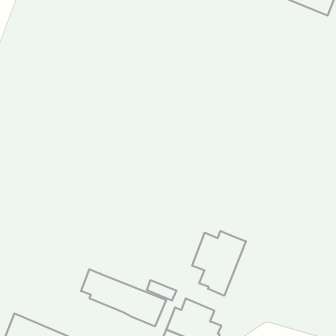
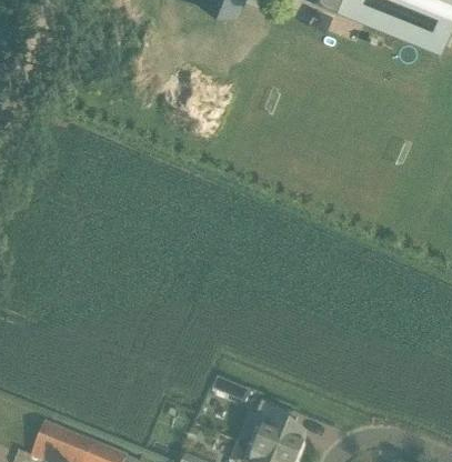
building: [192,231,246,296] -> none
building: [81,269,166,326] -> none

